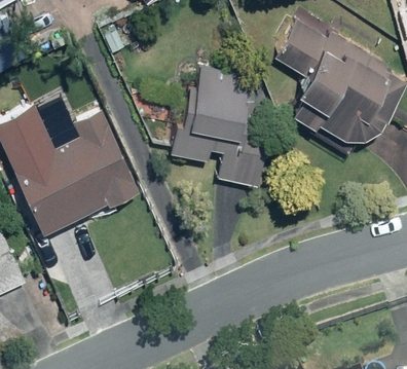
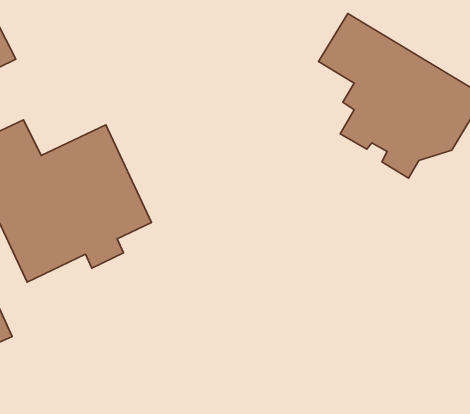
building: [169,62,266,184] -> none

